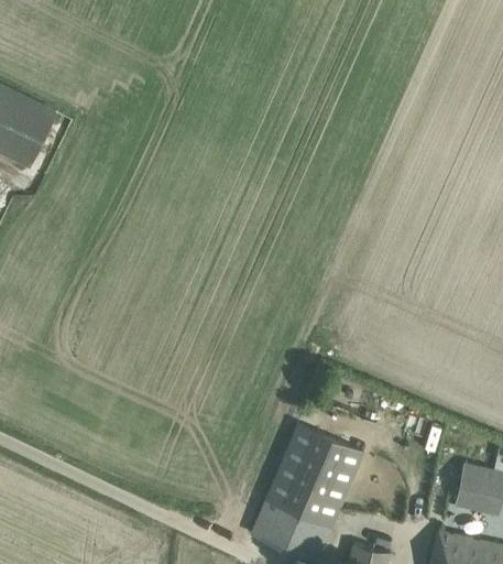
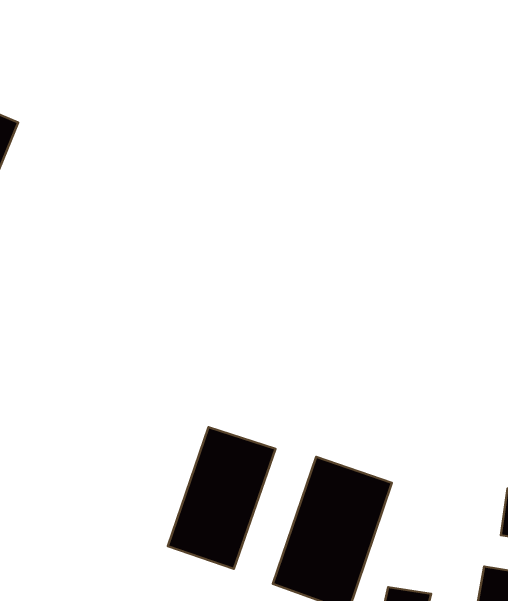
building: none -> [168,427,275,569]

